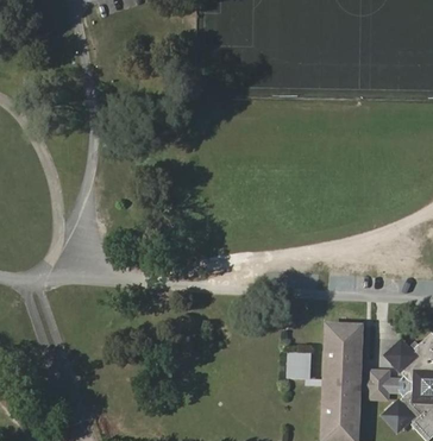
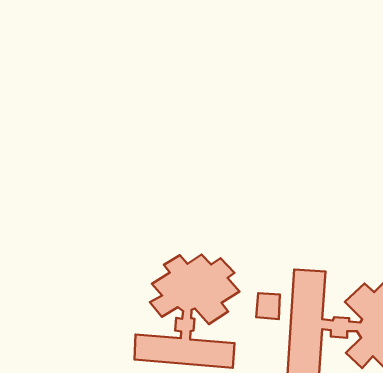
building: none -> [135,255,240,368]

